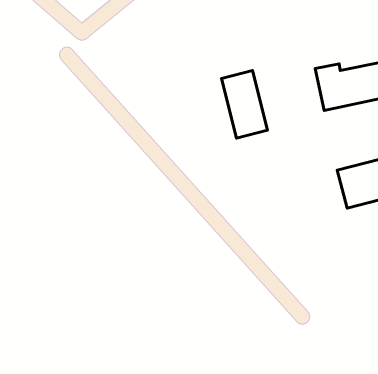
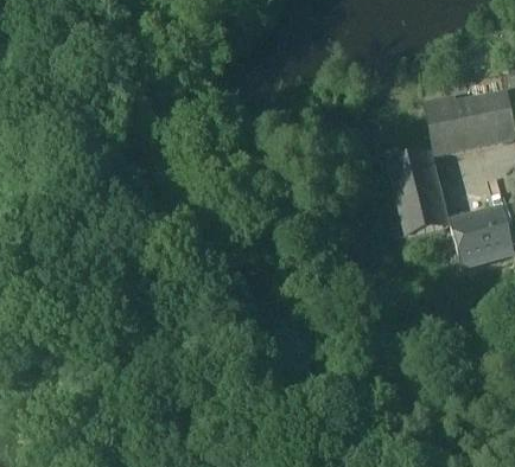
building: [221,70,267,138] -> [389,153,444,234]

